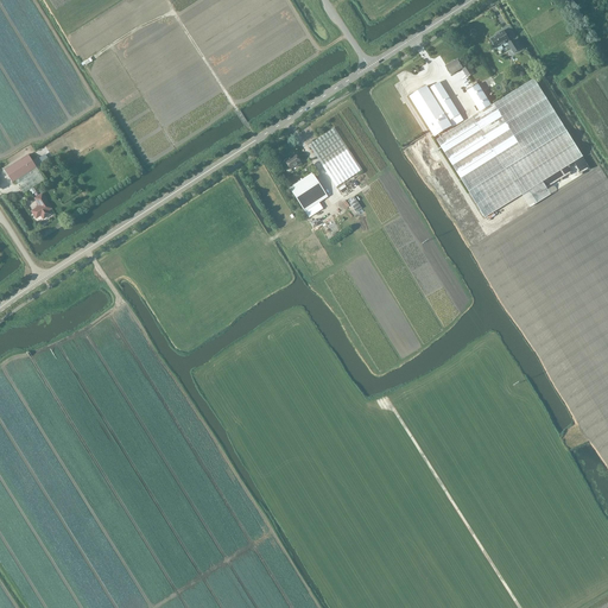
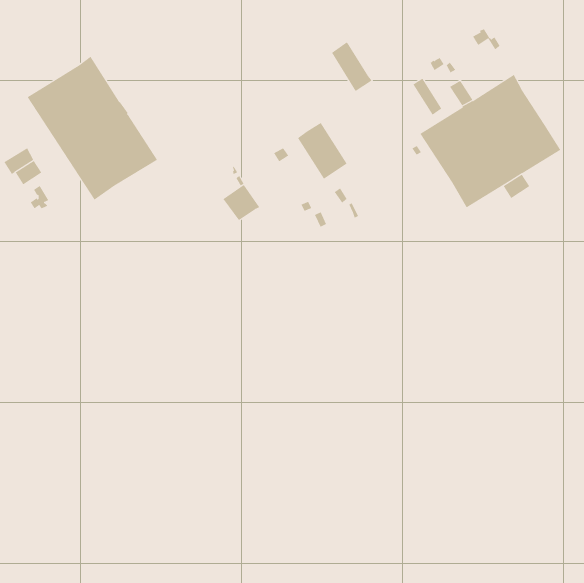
building: none -> [27,56,158,200]
building: [410,84,452,137] -> [331,42,372,92]
building: [289,172,328,210] -> [222,184,260,221]

